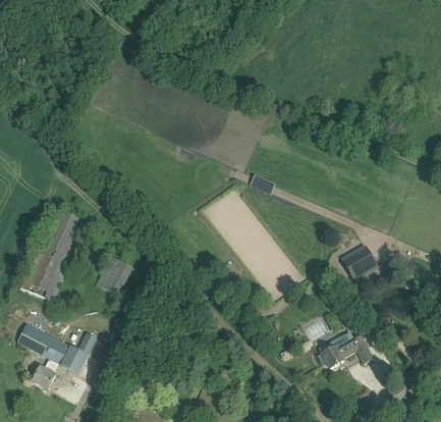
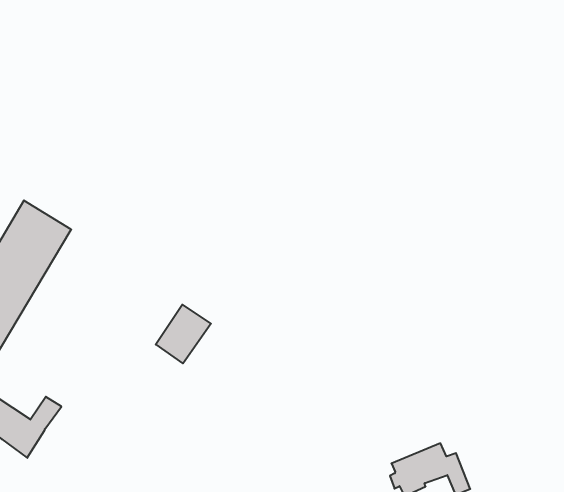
building: [342,245,379,282] -> none
building: [98,257,132,296] -> [156,305,211,363]

